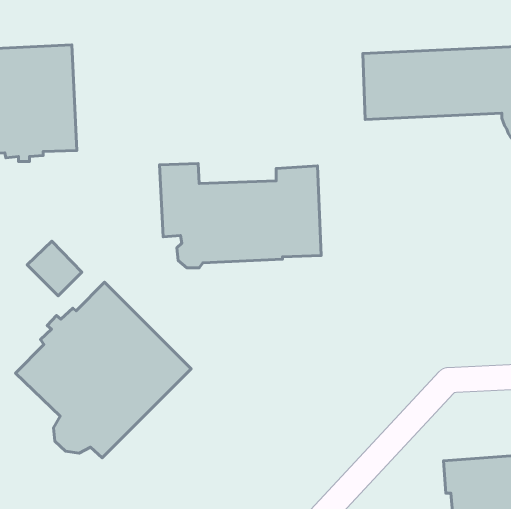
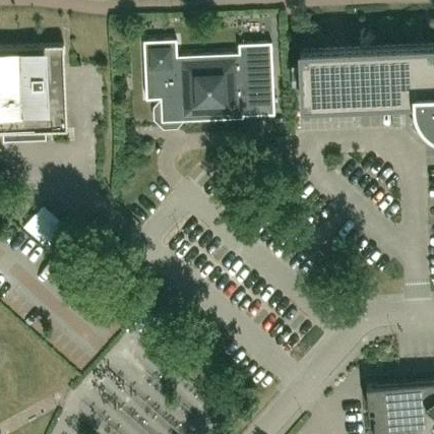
building: [159,164,321,268] -> [142,43,274,128]
building: [15,282,191,458] -> none

